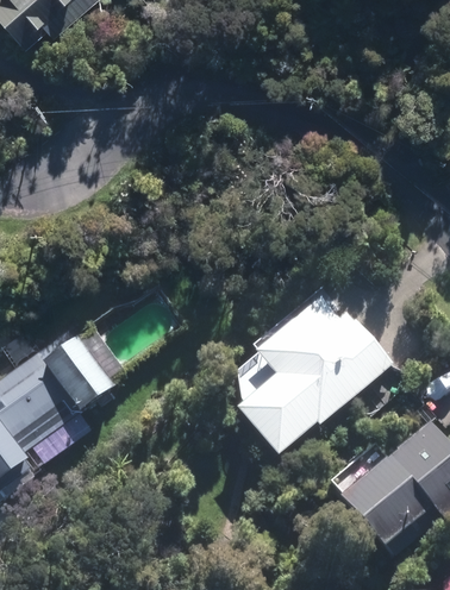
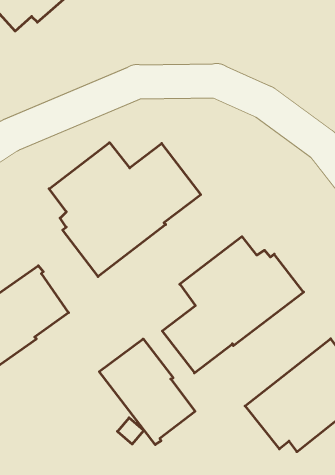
building: none -> [49,143,201,277]
building: none -> [99,339,195,445]

